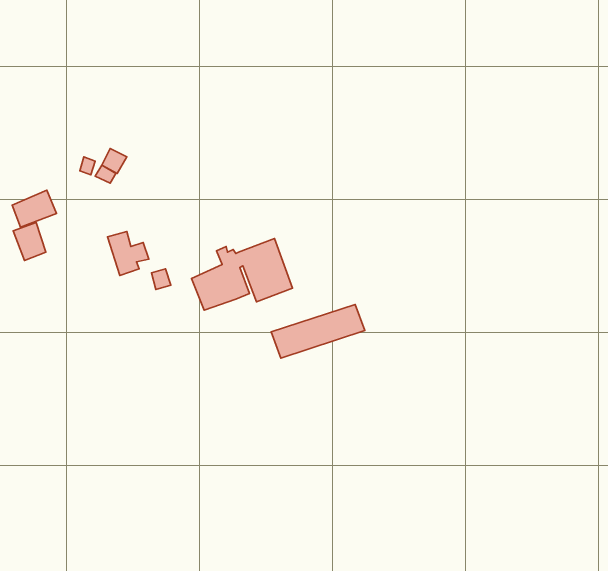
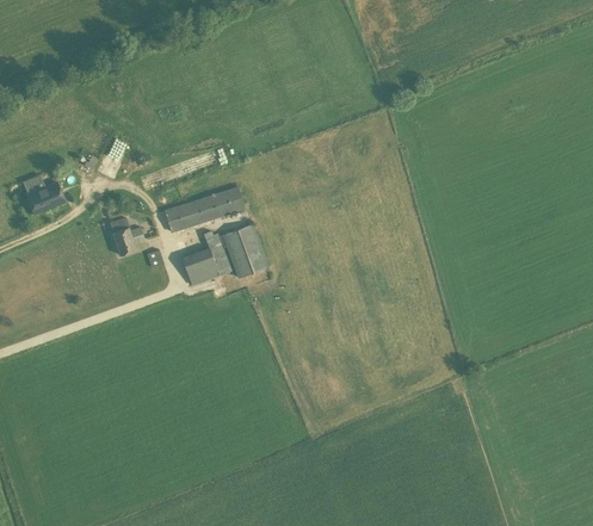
building: [13,222,46,260] -> none
building: [271,304,365,358] -> [163,186,245,233]

